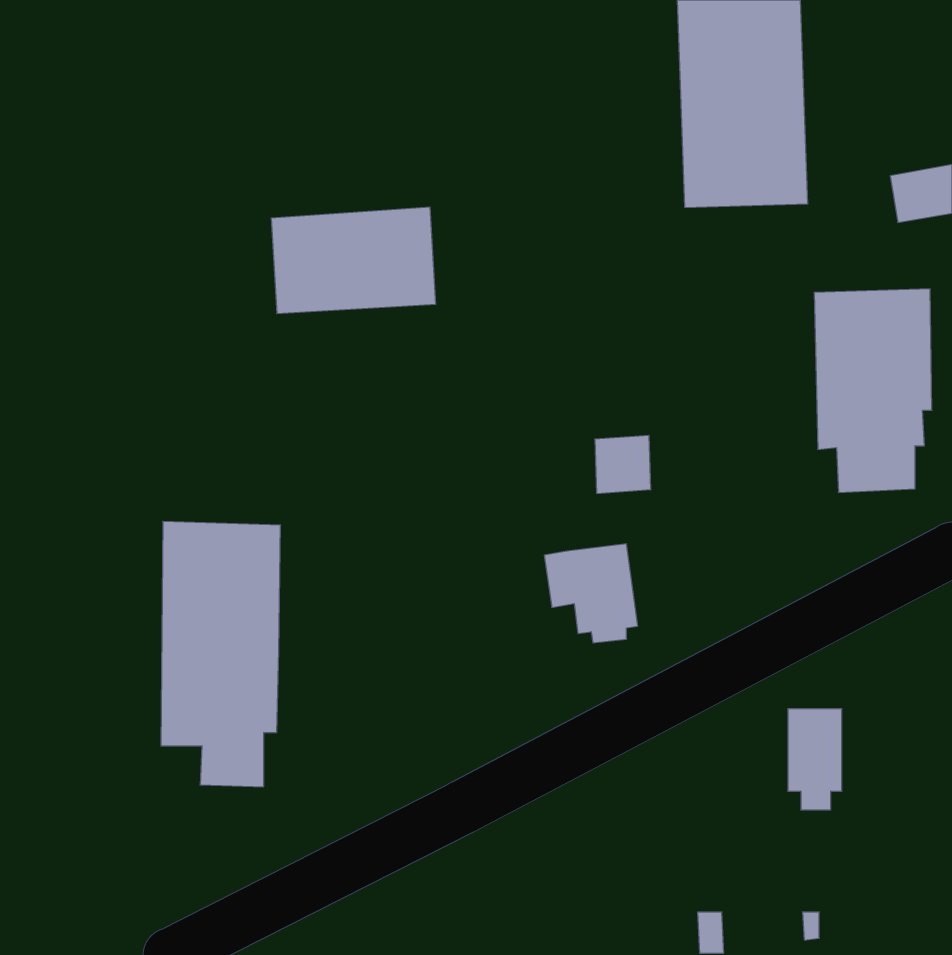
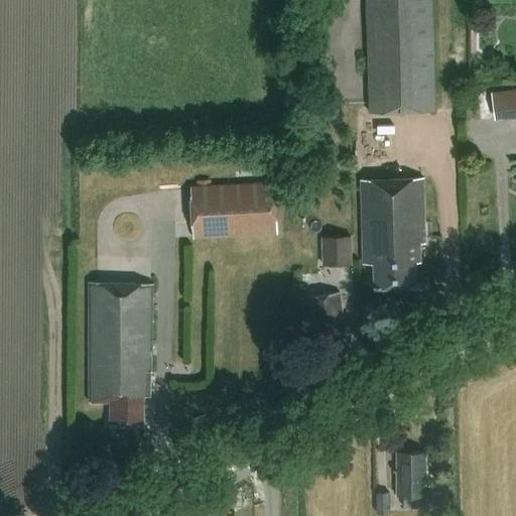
building: [271,207,436,314] -> [190,181,279,239]
building: [814,289,932,492] -> [360,177,423,287]
building: [788,709,842,810] -> [395,452,424,506]

